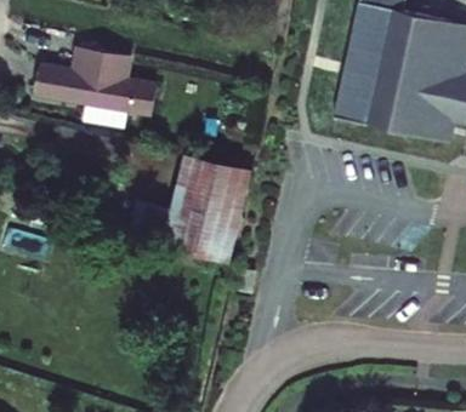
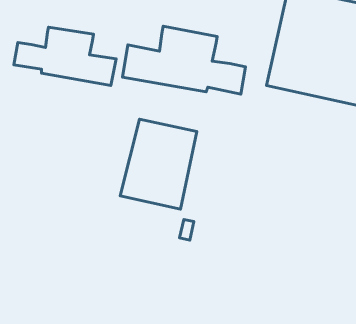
building: none -> [122,26,246,94]

